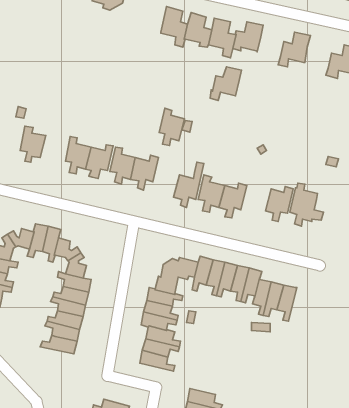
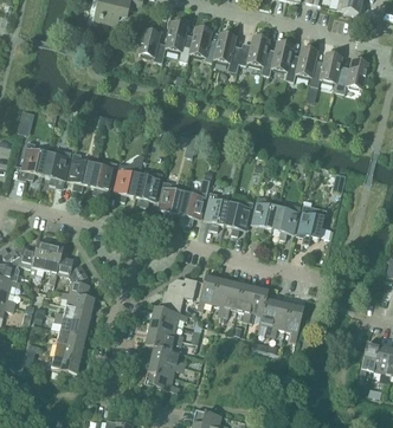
building: none -> [138,28,166,61]
building: none -> [310,51,342,85]
building: [210,67,241,100] -> [262,40,294,74]
building: [159,108,185,145] -> [159,180,185,218]
building: none -> [43,149,71,183]
building: none -> [251,194,278,232]

